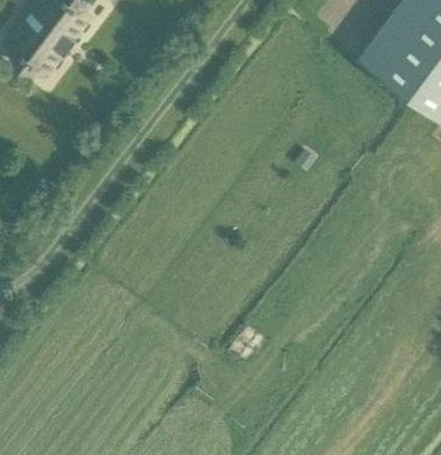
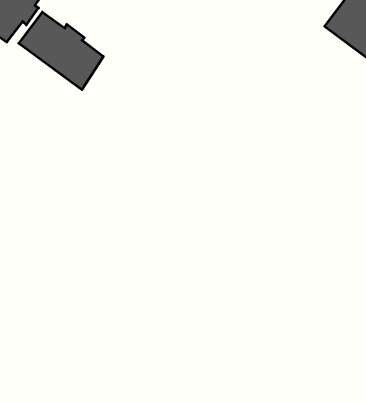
building: none -> [19,12,103,90]

